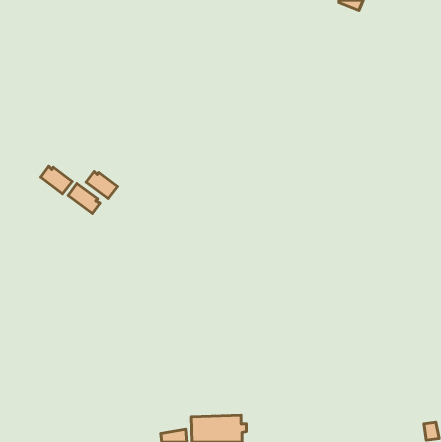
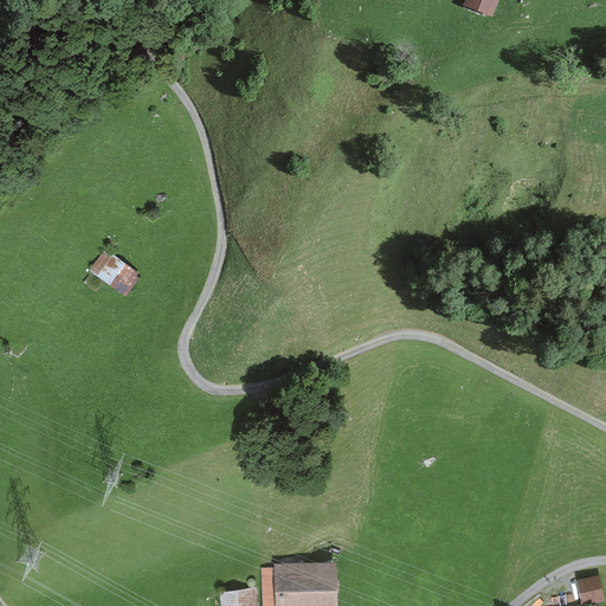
building: [40,166,72,194] -> none
building: [86,171,118,199] -> none

